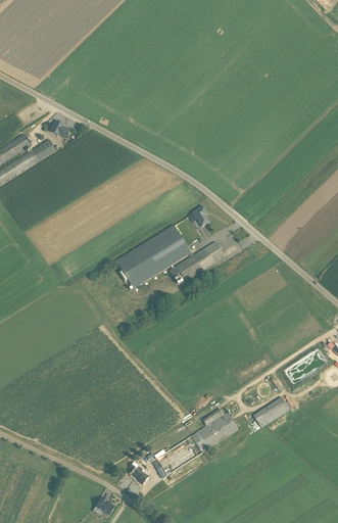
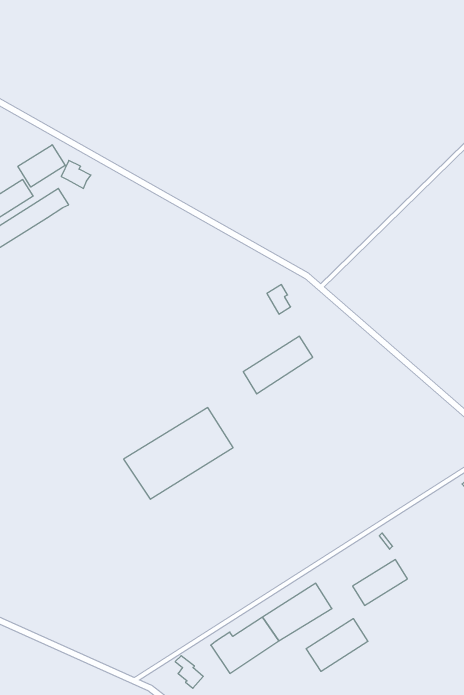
building: none -> [18,145,65,187]
building: [115,225,191,288] -> [124,408,233,499]
building: none -> [306,619,368,671]

